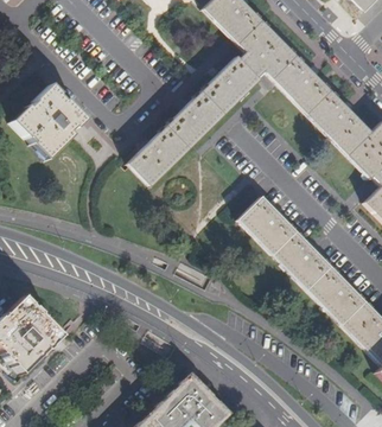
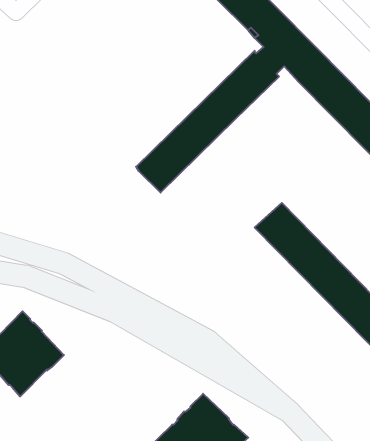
building: [11,84,84,159] -> none

